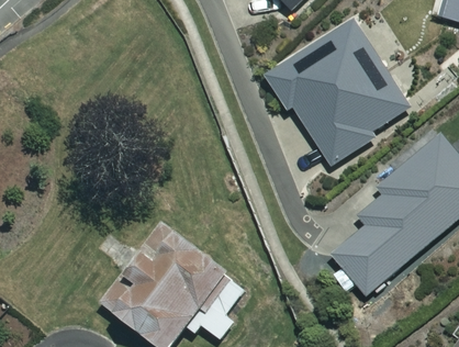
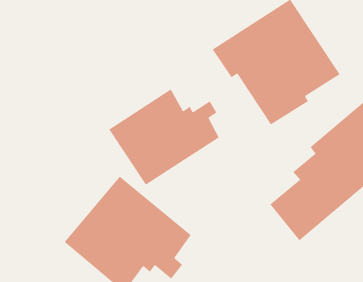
building: none -> [109,88,220,186]

